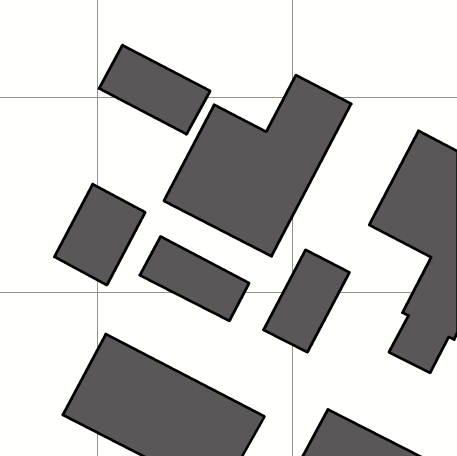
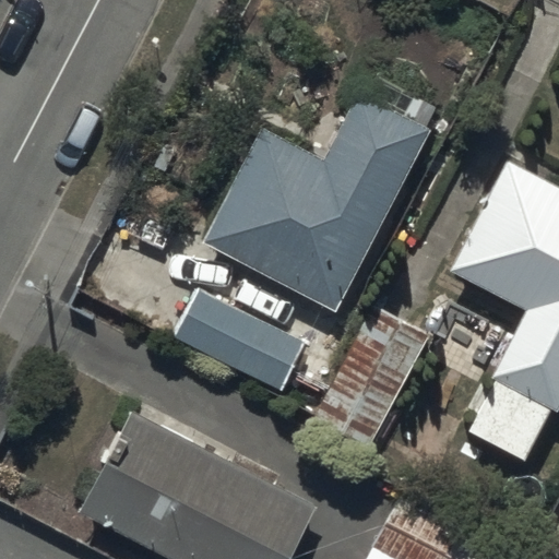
building: [99,45,210,134] -> none
building: [54,184,145,285] -> none

